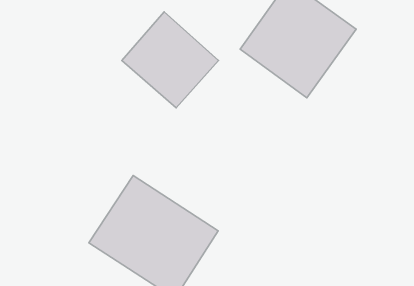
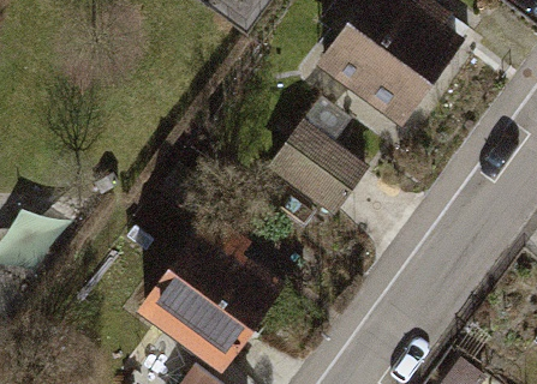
building: [122,12,219,108] -> [262,101,377,215]

